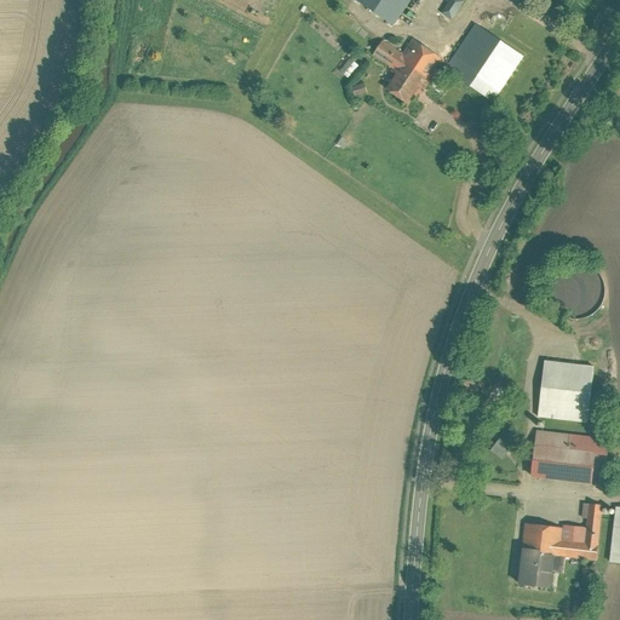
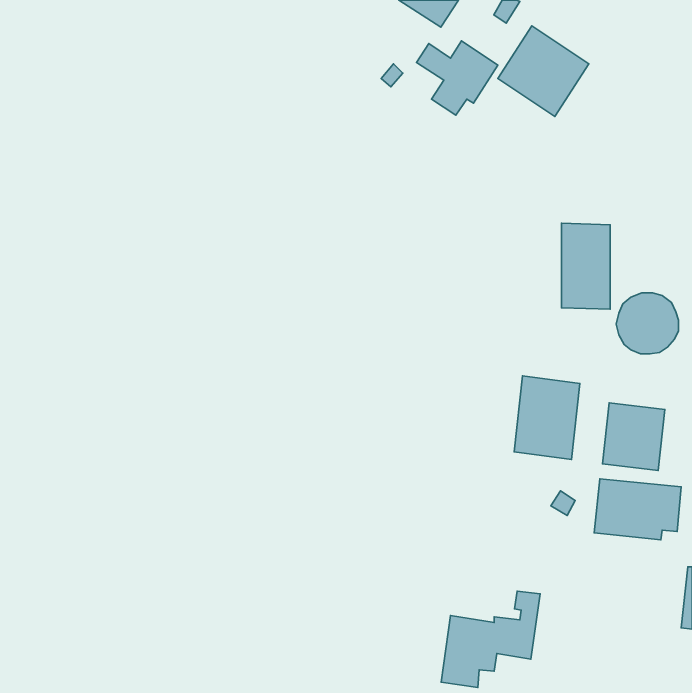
building: none -> [561,223,610,309]
building: none -> [514,376,580,460]
building: [516,501,604,587] -> [441,591,540,688]

